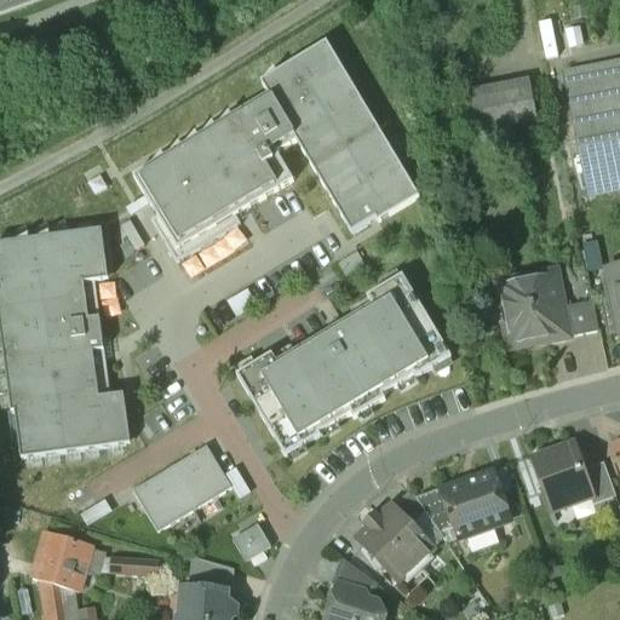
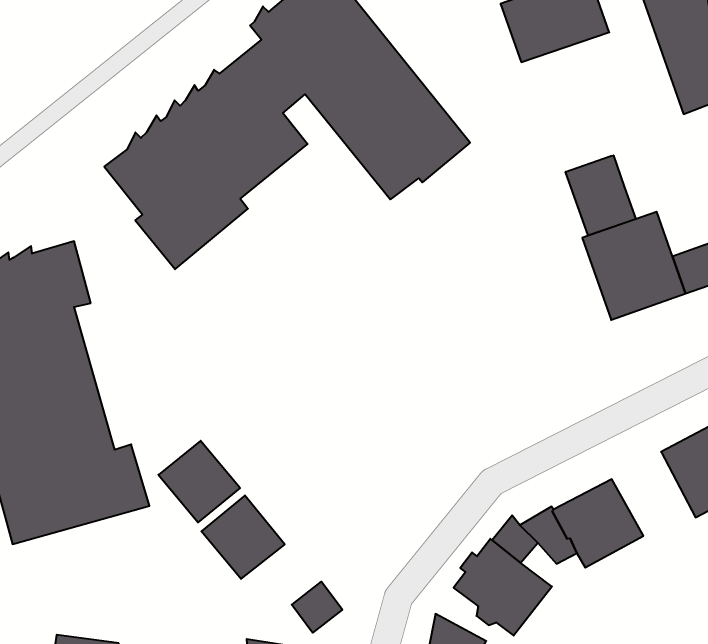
building: none -> [566,155,636,236]
building: [236,271,452,453] -> none
building: [132,465,194,528] -> [158,441,240,522]

